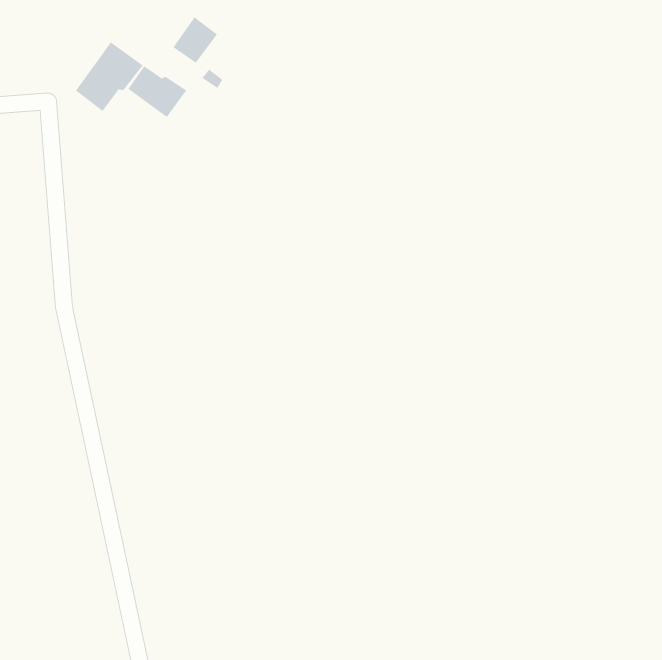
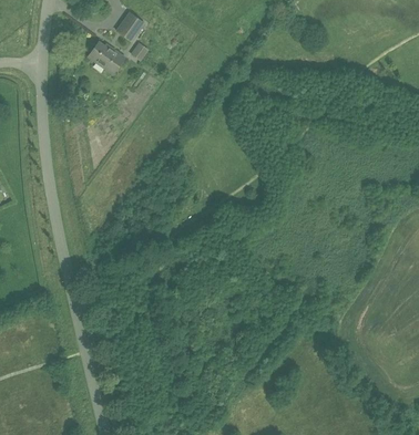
building: [75,42,144,112] -> none

